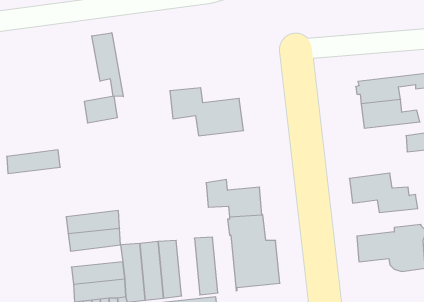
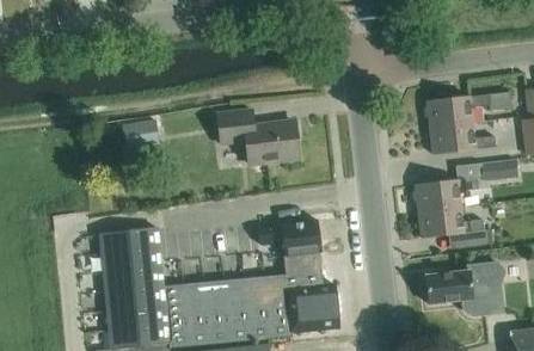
building: [92,33,123,97] -> none
building: none -> [413,178,479,210]
building: [7,150,60,173] -> [100,227,160,253]
building: none -> [265,273,291,338]
building: none -> [225,277,251,341]
building: none -> [106,284,165,309]

